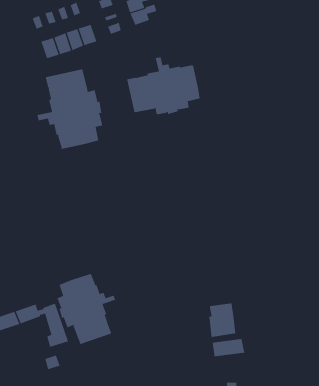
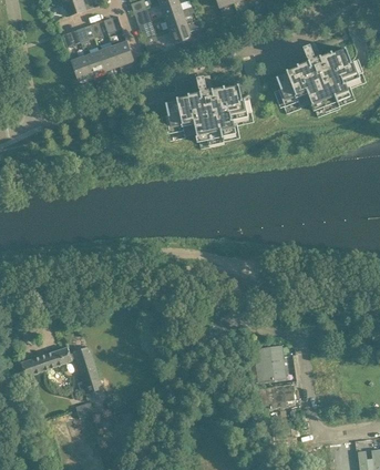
building: none -> [276,44,360,110]
building: [37,69,103,150] -> none
building: [57,273,116,345] -> none

